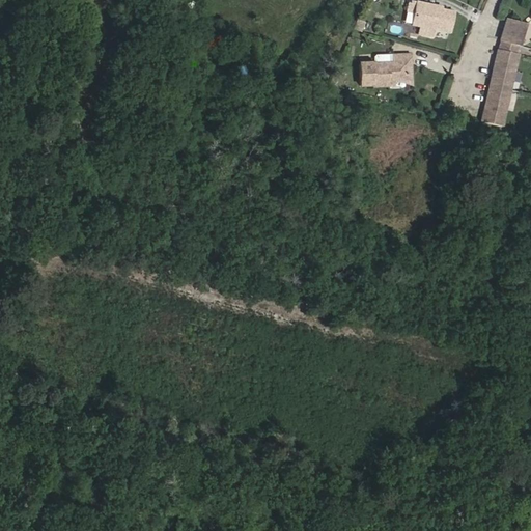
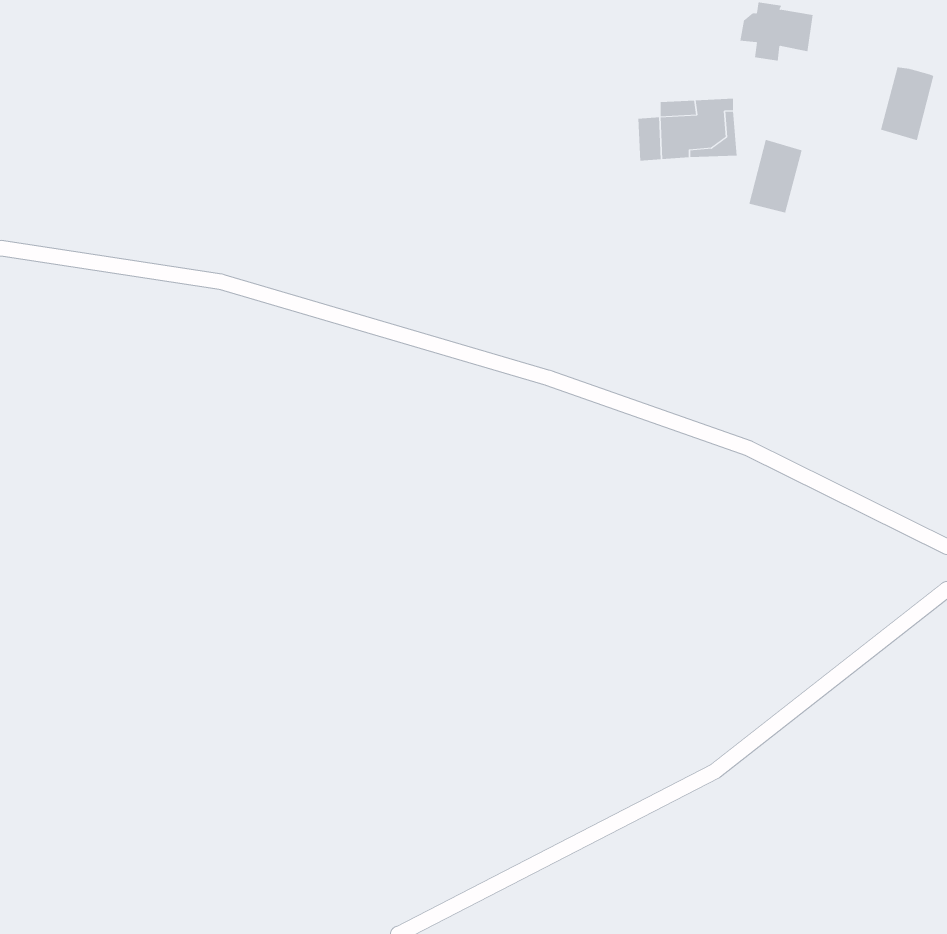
building: [501,16,526,41] -> none
building: [483,73,513,114] -> [749,139,802,213]

